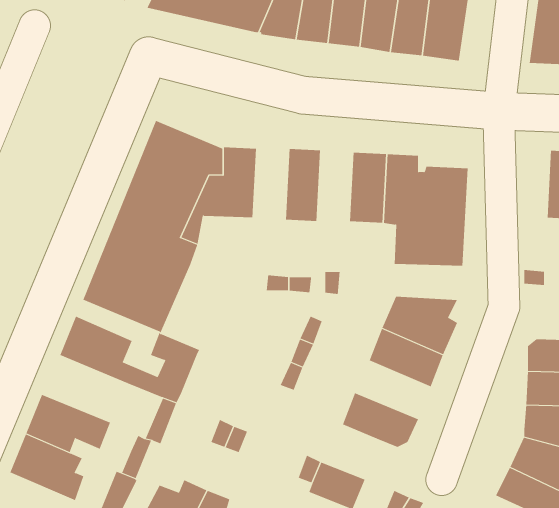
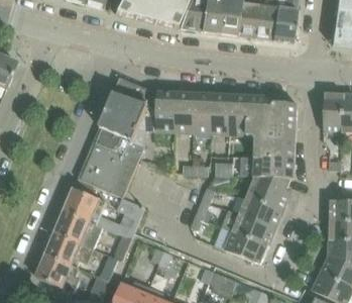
building: none -> [175,92,196,132]
building: none -> [324,92,344,131]
building: none -> [212,93,232,133]
building: none -> [254,158,295,178]
building: none -> [223,208,276,245]
building: none -> [55,209,104,247]

